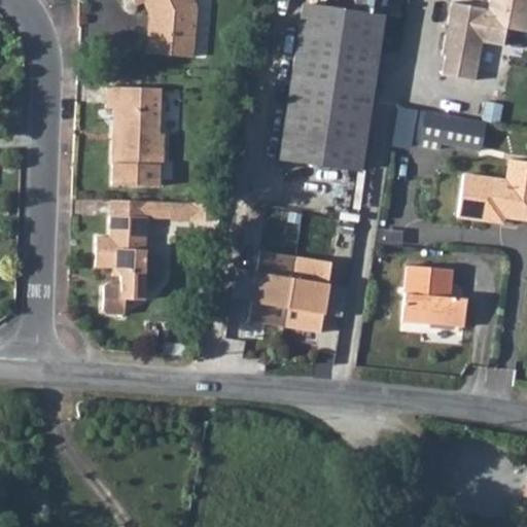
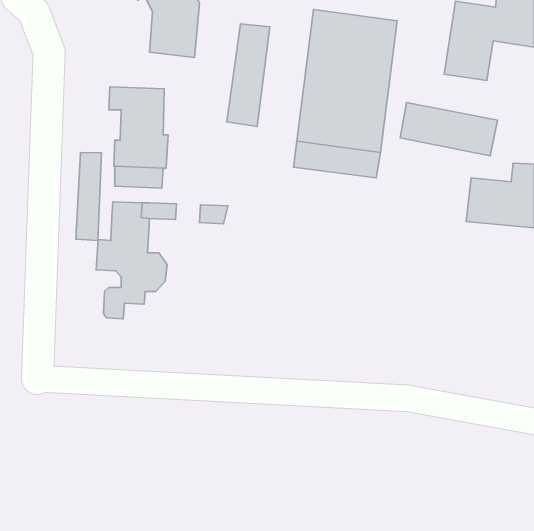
building: none -> [227,24,270,126]
building: none -> [76,153,102,241]
building: [247,253,328,331] -> none
building: [403,265,467,323] -> none

